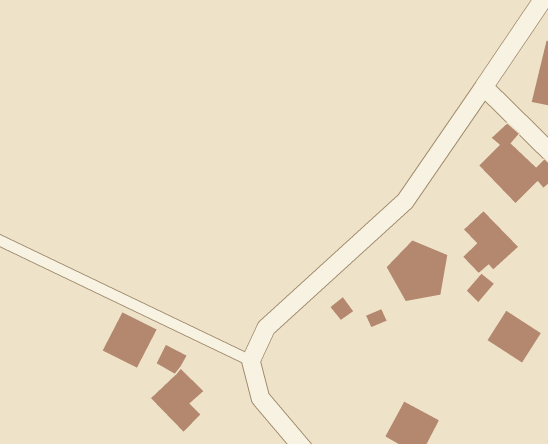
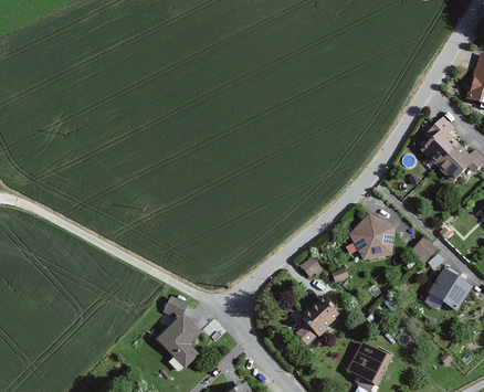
building: [462,211,519,274] -> none
building: [102,312,157,368] -> none
building: none -> [295,296,340,345]

